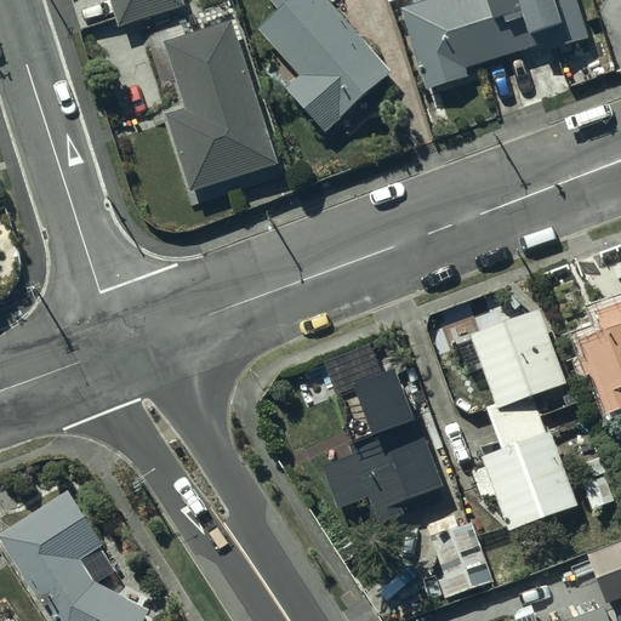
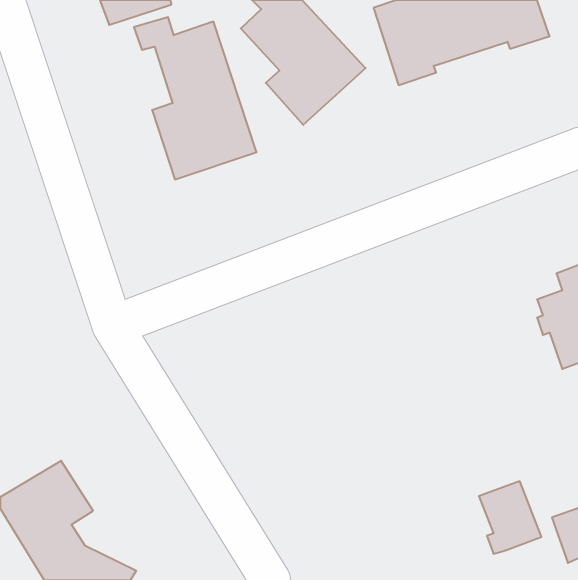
building: [467,294,576,514] -> none
building: [323,344,443,511] -> none
building: [431,523,497,600] -> [479,481,541,554]

